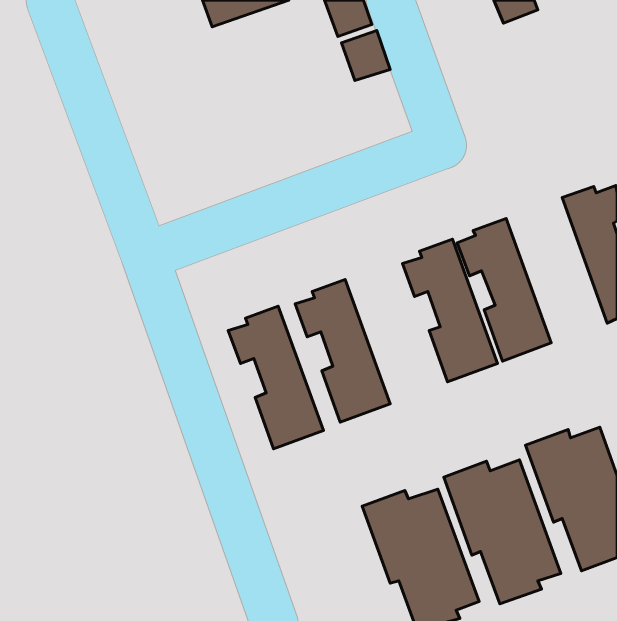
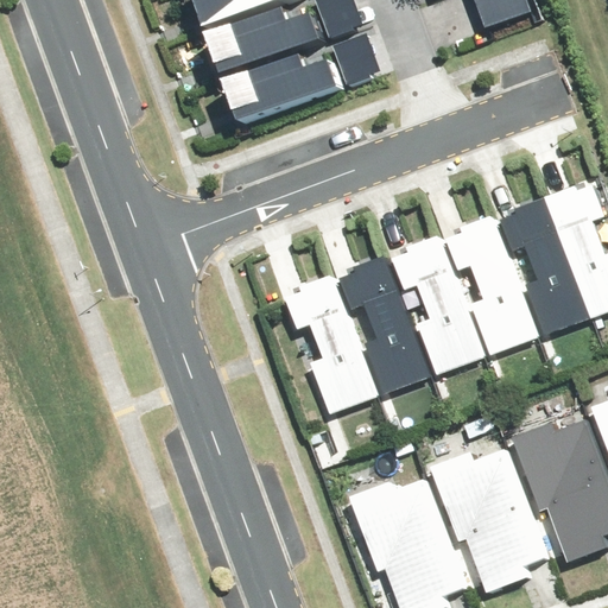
building: none -> [215,14,324,76]
building: none -> [233,57,341,119]
building: none -> [496,196,588,335]
building: [228,306,323,449] -> [340,254,432,393]

